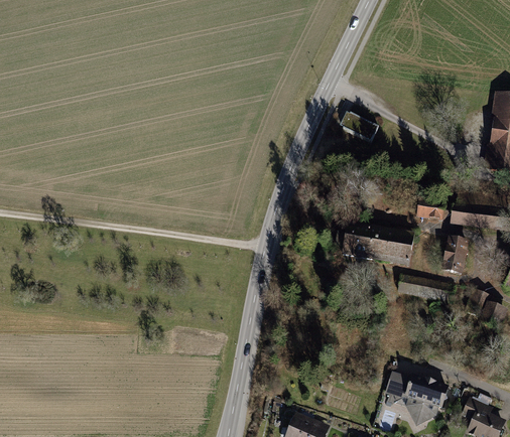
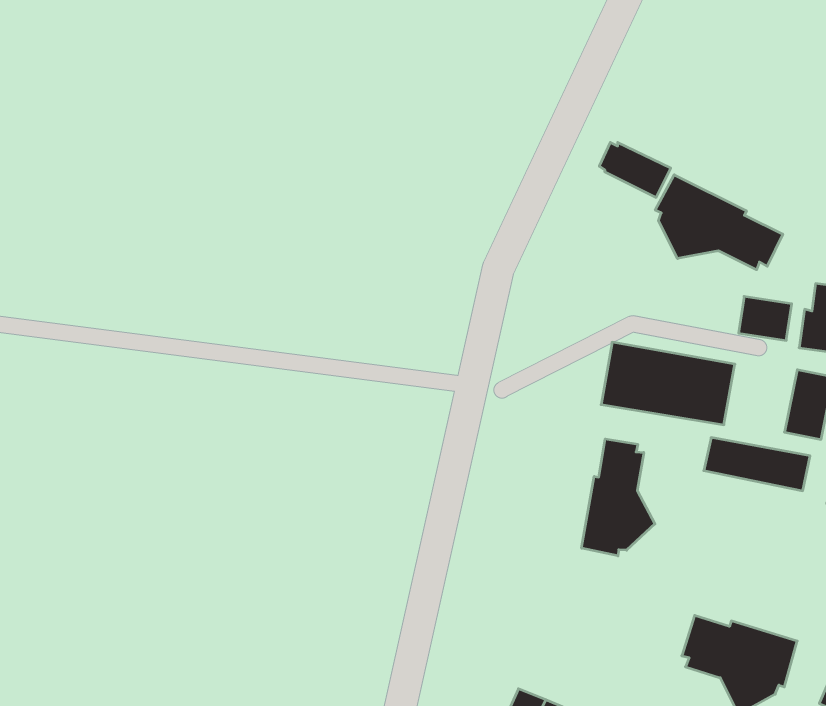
building: none -> [655,175,783,270]
building: none -> [582,439,655,556]

